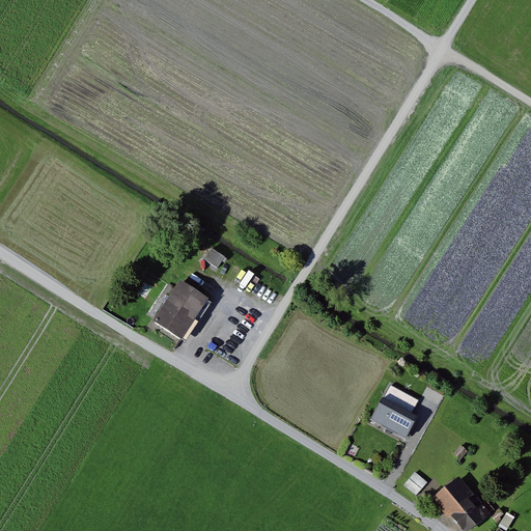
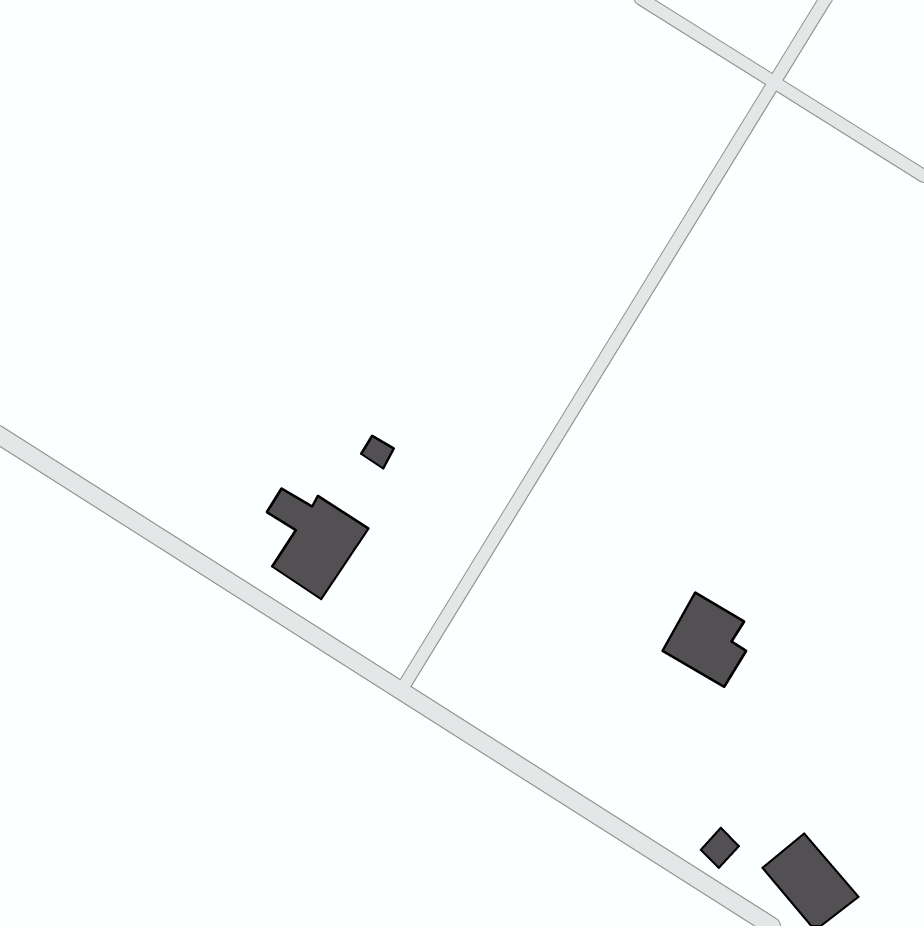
building: [368,386,416,440] -> [663,593,746,687]

